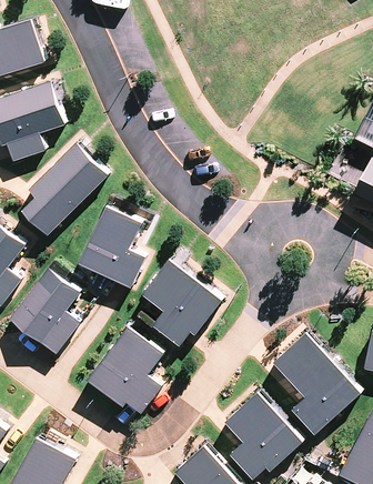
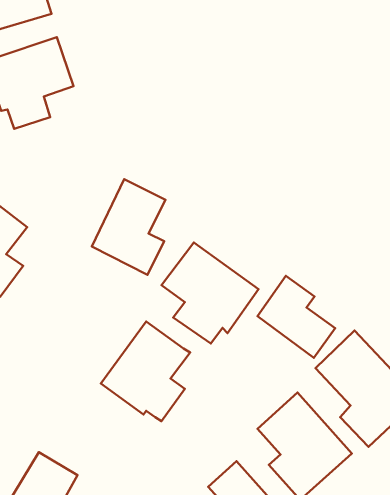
building: [23,145,107,234] -> none
building: [12,270,81,352] -> none
building: none -> [257,276,335,358]

